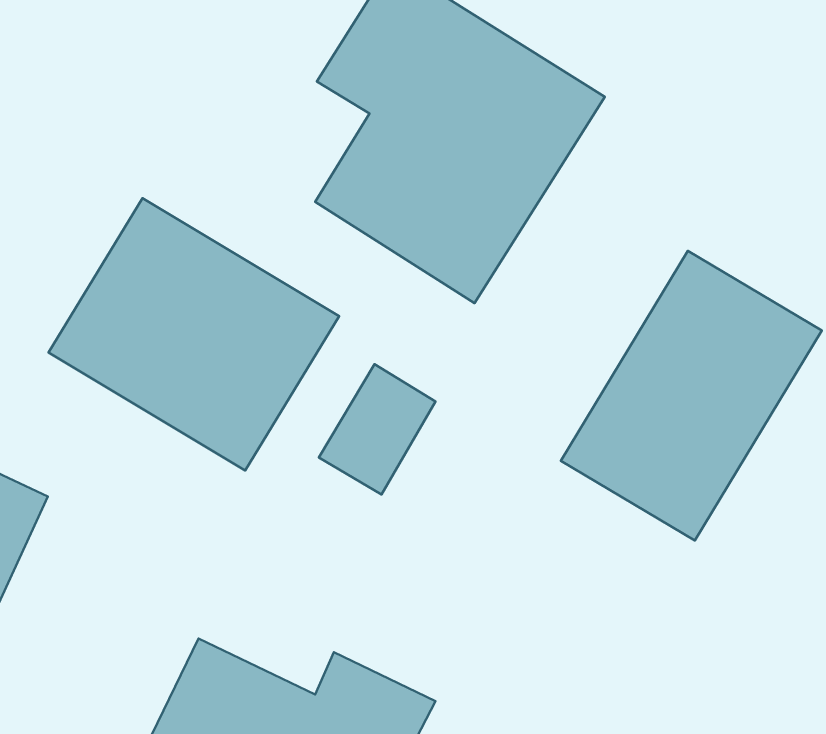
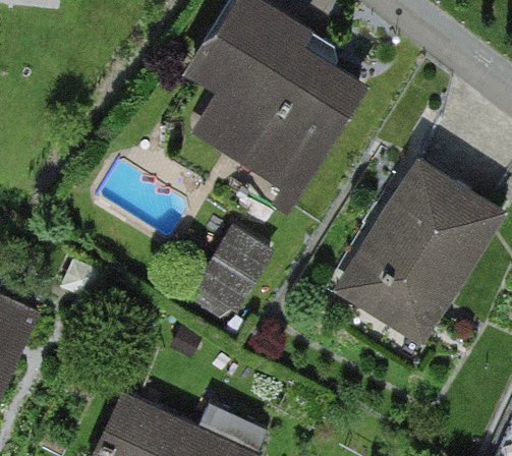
building: [49,198,339,470] -> none

